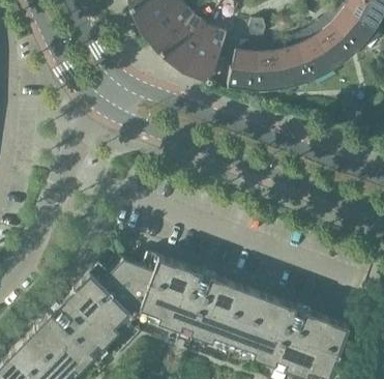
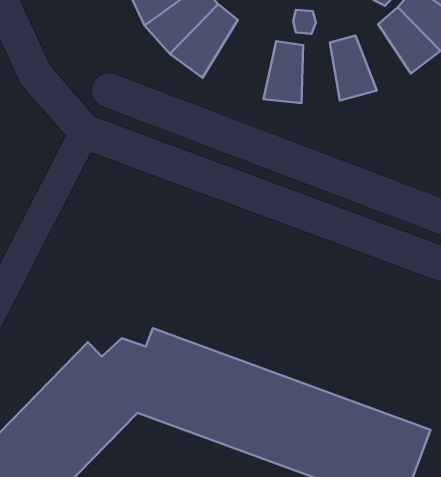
building: [182,27,227,80] -> none
building: [294,30,334,79] -> none
building: [255,43,283,88] -> none

